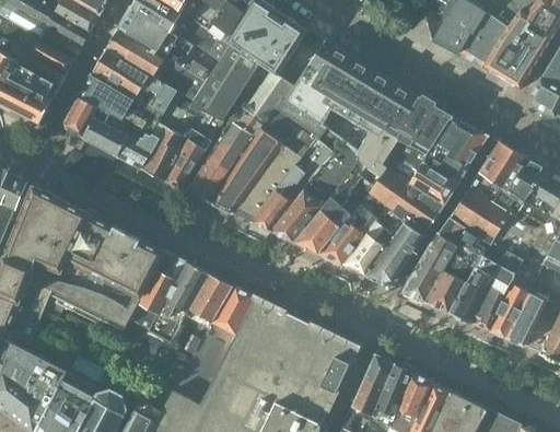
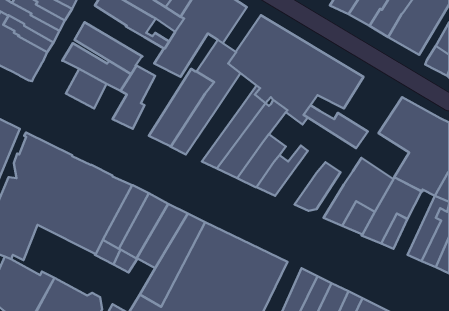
building: [105,28,203,101] -> none
building: [65,97,98,138] -> none
building: [165,109,222,188] -> none
building: [231,113,318,222] -> none
building: [385,117,488,185] -> none
building: [117,126,158,170] -> none
building: [361,167,442,235] -> none
building: [448,187,508,244] -> none
building: [341,229,387,276] -> none
building: [488,257,539,338] -> none

